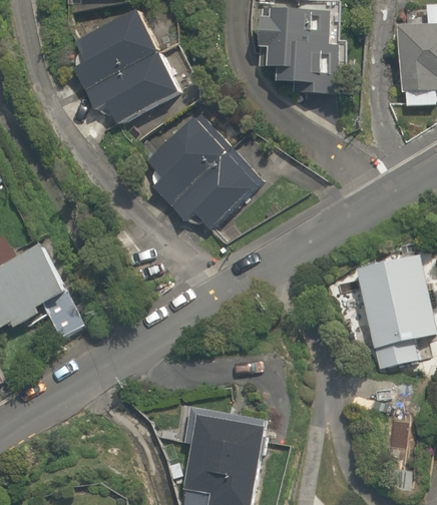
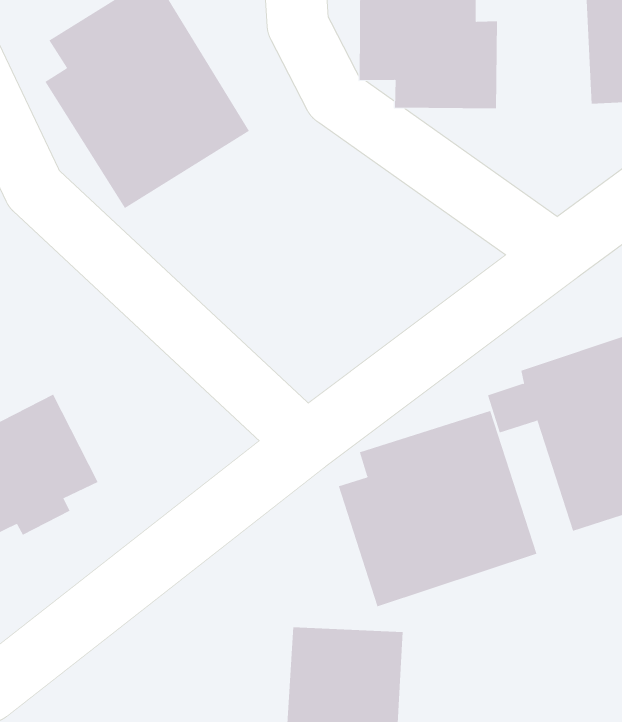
building: [148,112,266,240] -> none
building: none -> [338,410,537,607]

